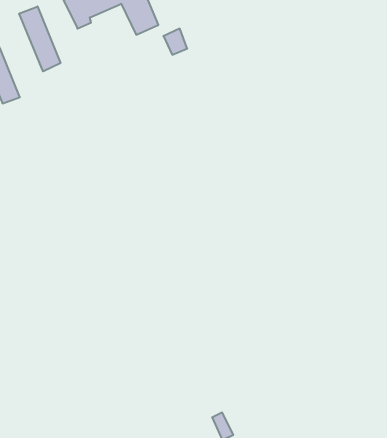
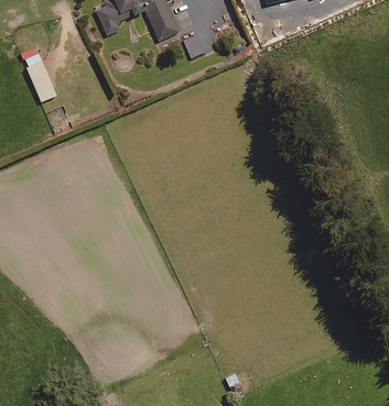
building: [19,6,60,71] -> none

